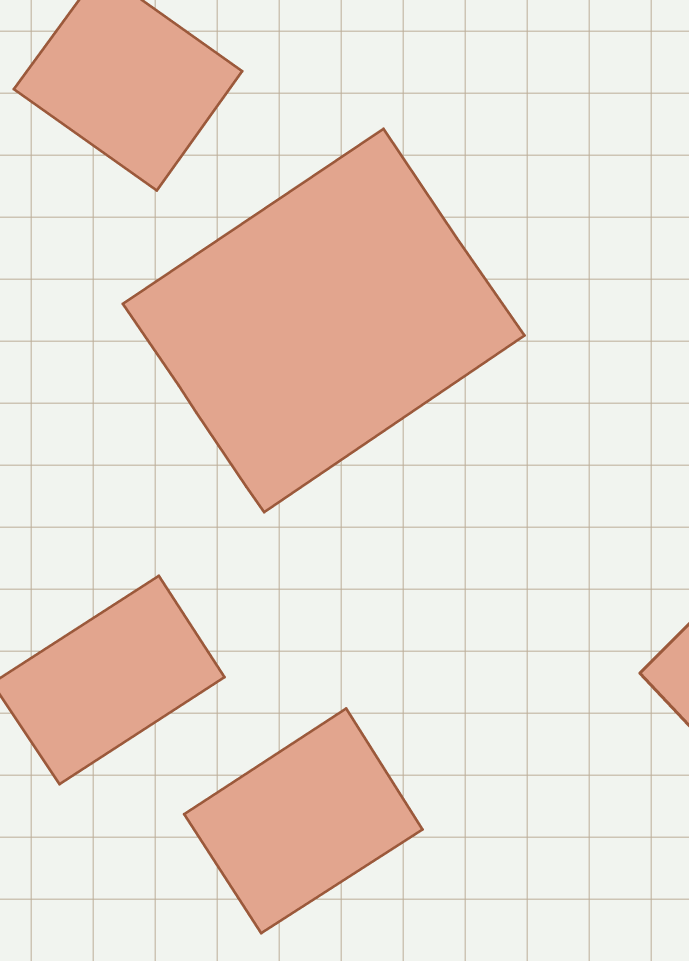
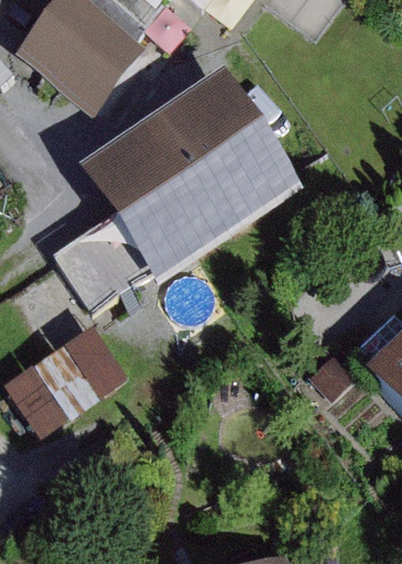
building: none -> [52,214,145,307]
building: [184,709,422,933] -> none

